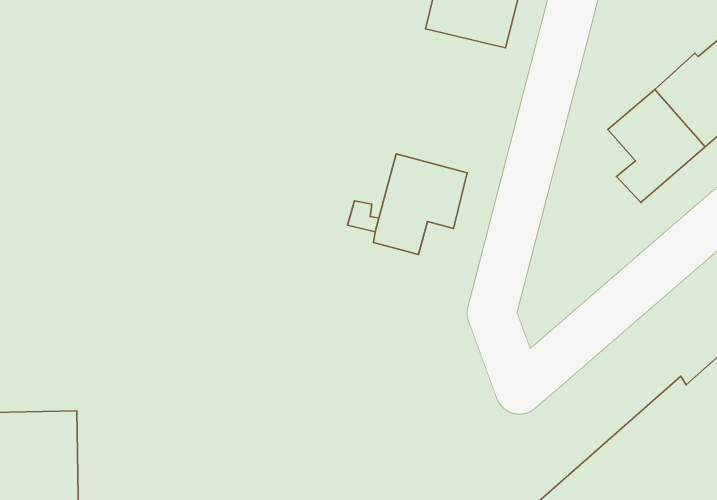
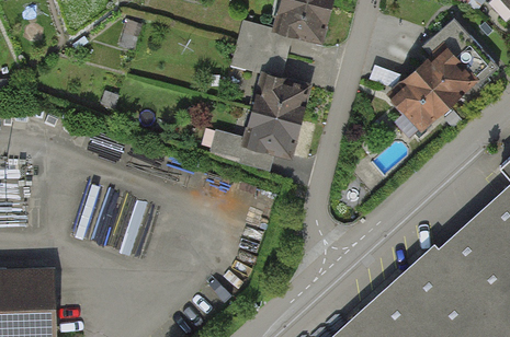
building: none -> [233,25,288,71]
building: none -> [253,73,307,119]

